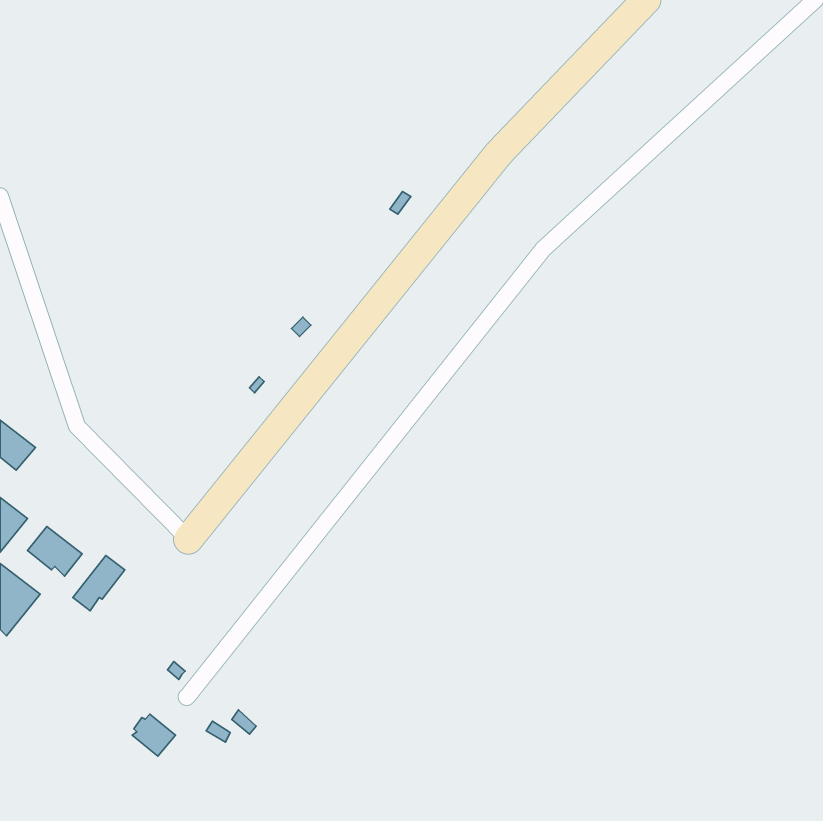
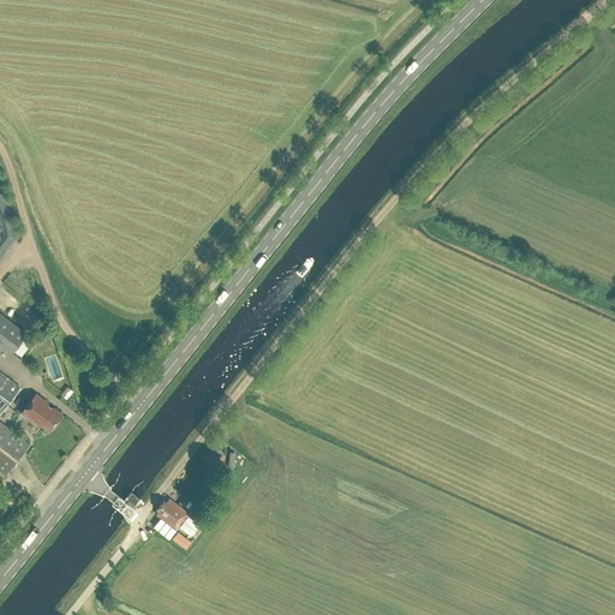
building: [73,556,125,611] -> none
building: [132,714,176,756] -> [156,498,189,530]

